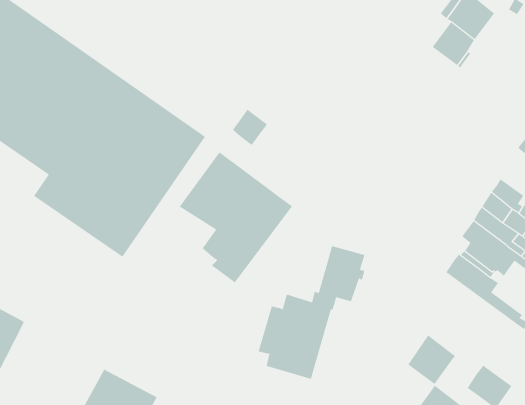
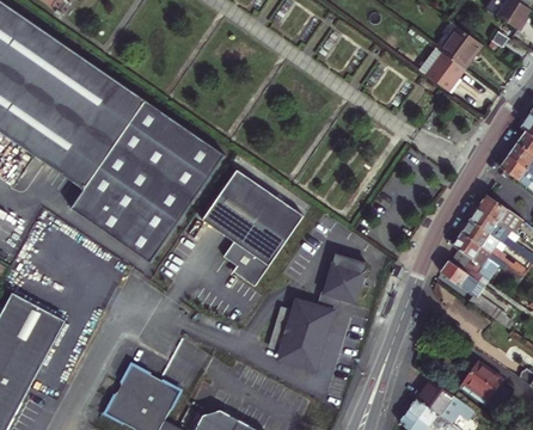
building: [232,109,268,146] -> none
building: [408,335,456,385] -> none

